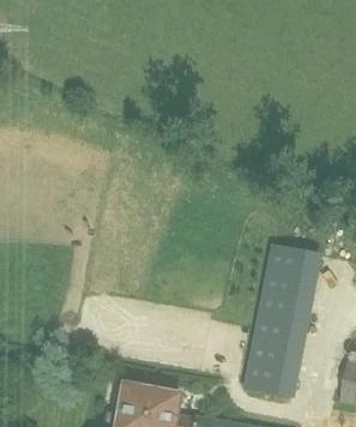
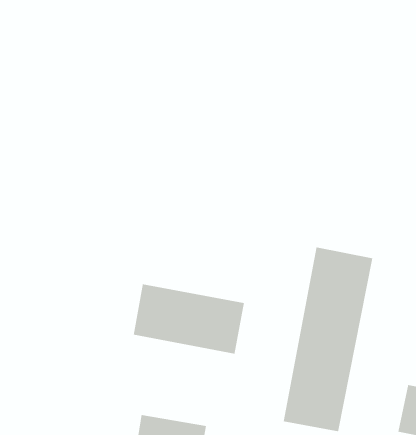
building: none -> [133,283,244,354]

